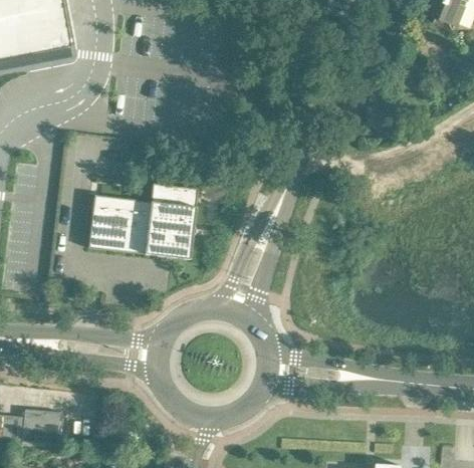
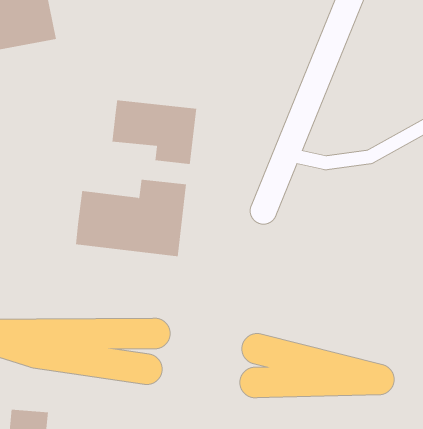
building: none -> [112,100,197,165]

